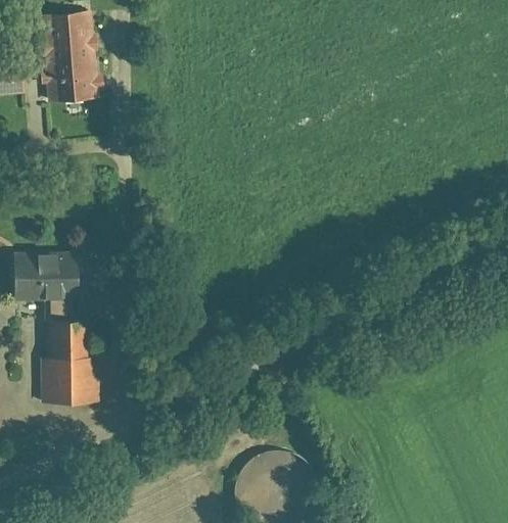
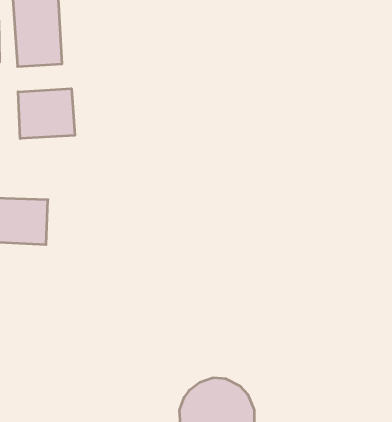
building: none -> [18,89,75,139]
building: [48,323,104,405] -> none

